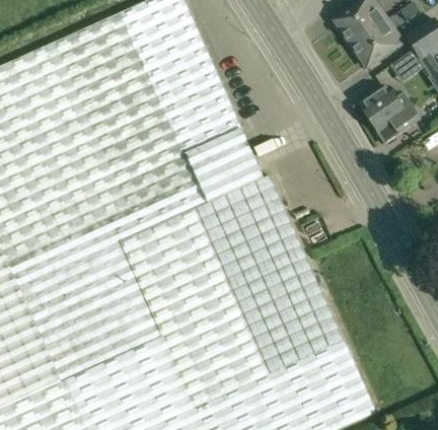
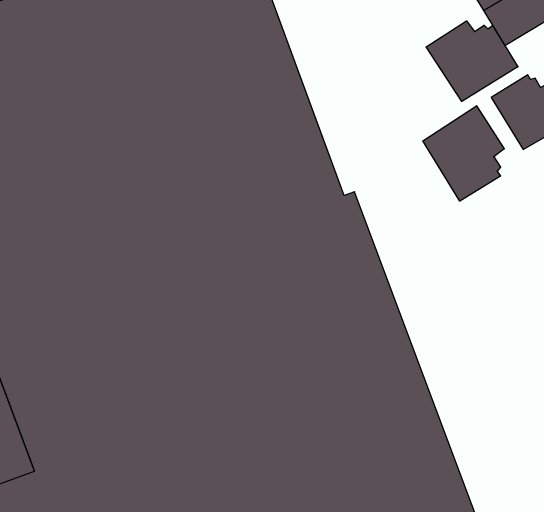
building: none -> [426,21,518,101]
building: none -> [423,106,504,201]

